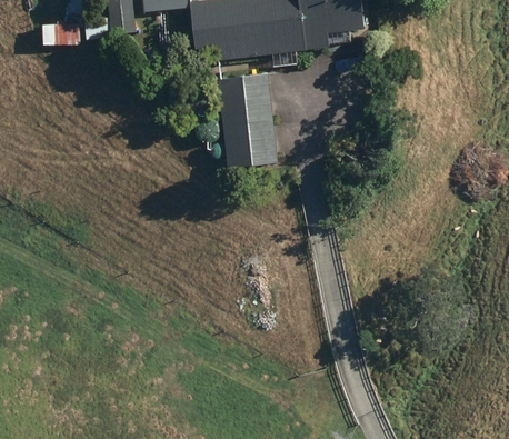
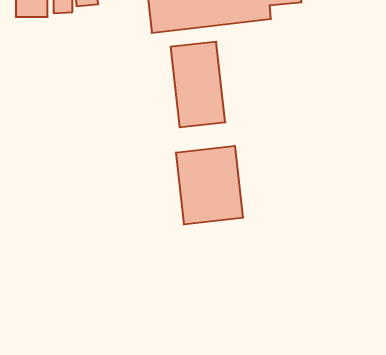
building: none -> [176,146,243,225]

